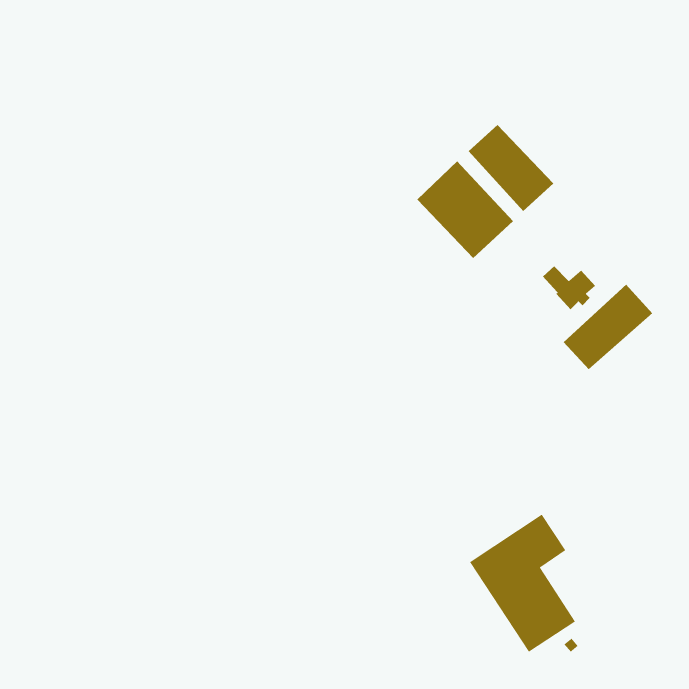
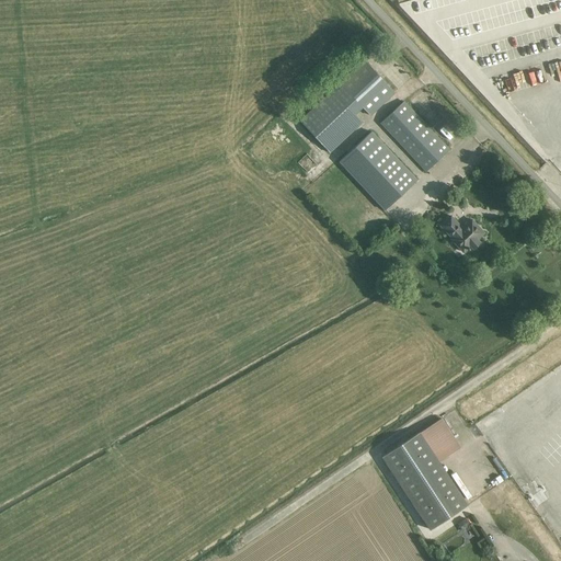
building: none -> [299,59,396,153]
building: [563,284,653,370] -> none

